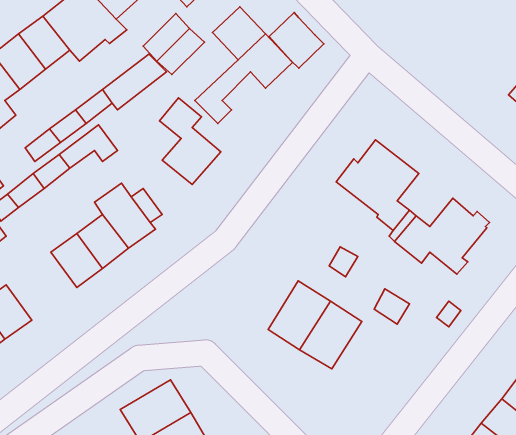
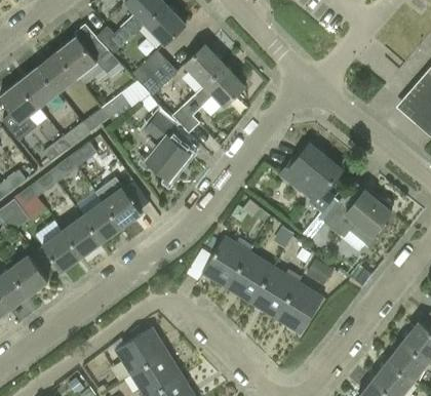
building: [269,12,324,68] -> none
building: none -> [42,230,82,271]
building: none -> [202,236,249,288]
building: none -> [275,282,322,333]

